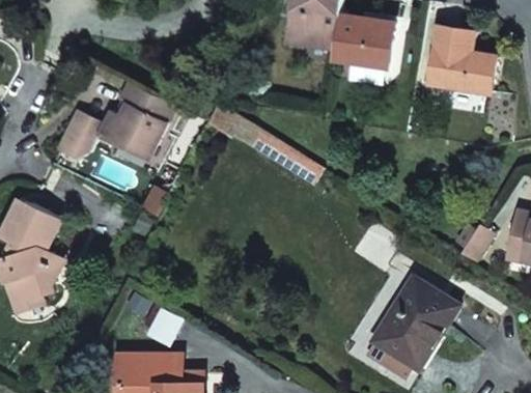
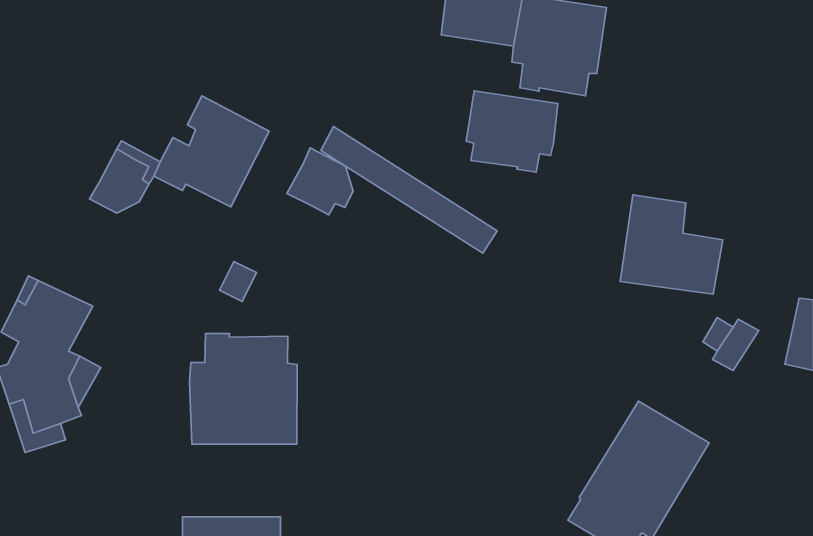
building: [427,27,494,91] -> [620,195,723,294]
building: none -> [466,91,558,172]
building: none -> [287,148,353,215]
building: none -> [190,333,297,444]

